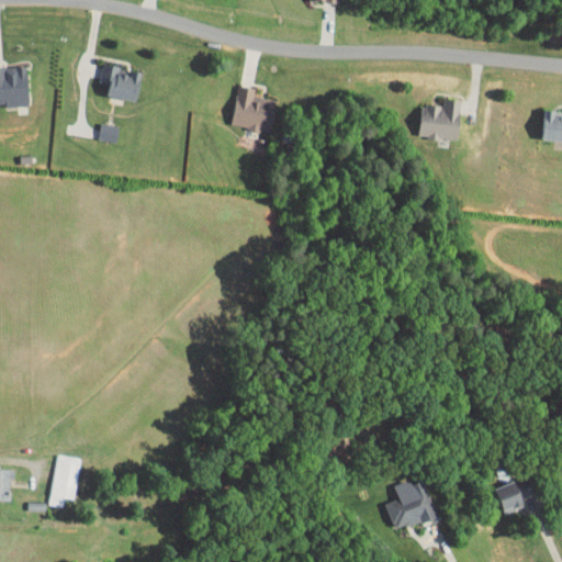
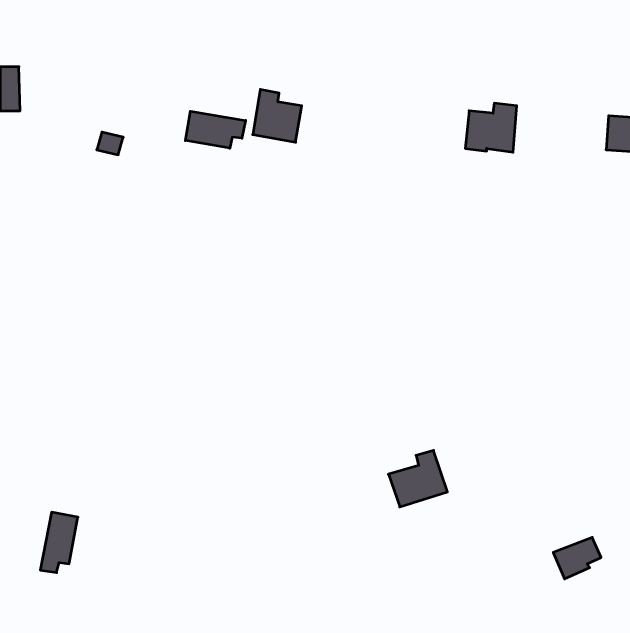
building: [99,65,144,102] -> none
building: none -> [185,111,246,148]
building: [384,482,436,531] -> [388,450,447,507]

